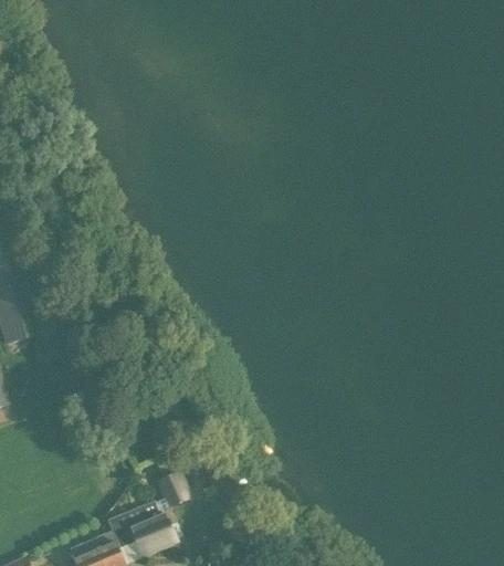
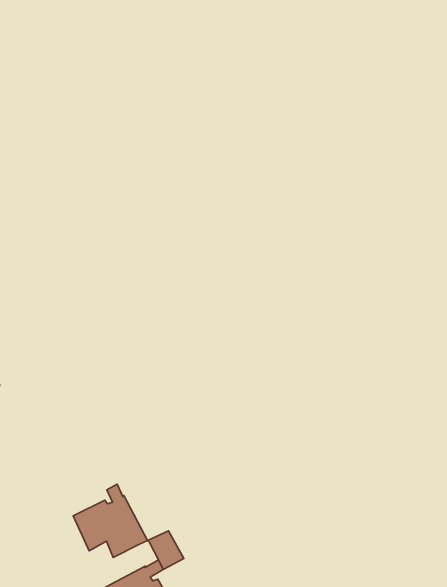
building: none -> [73,484,148,558]

